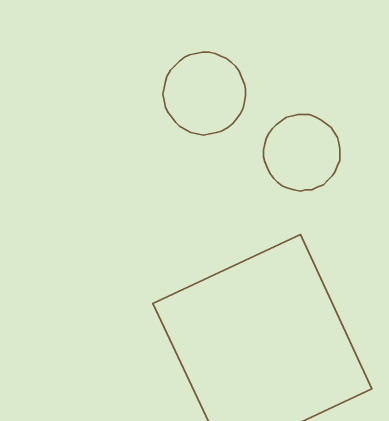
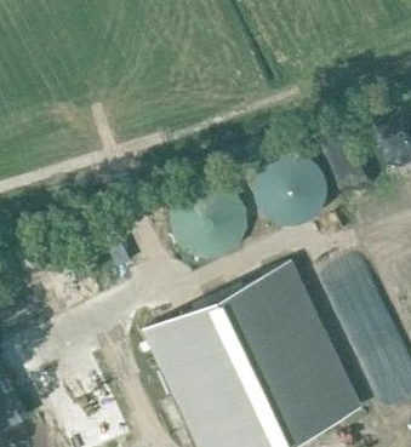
building: [163,52,246,135] -> [170,183,249,262]

